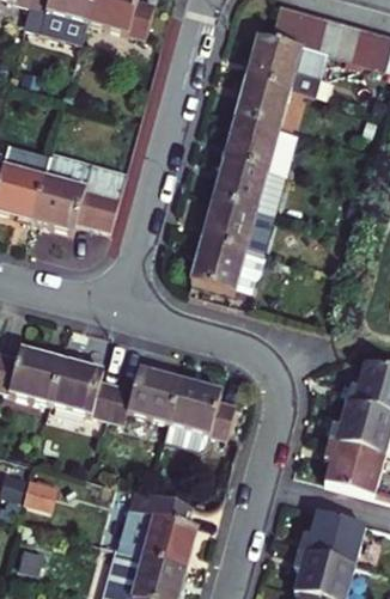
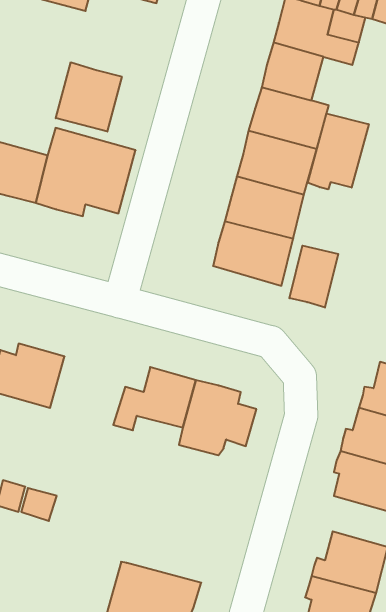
building: none -> [56,62,122,132]
building: none -> [308,113,369,189]
building: none -> [289,246,338,308]
building: [48,359,116,421] -> none
building: [117,488,196,564] -> none

